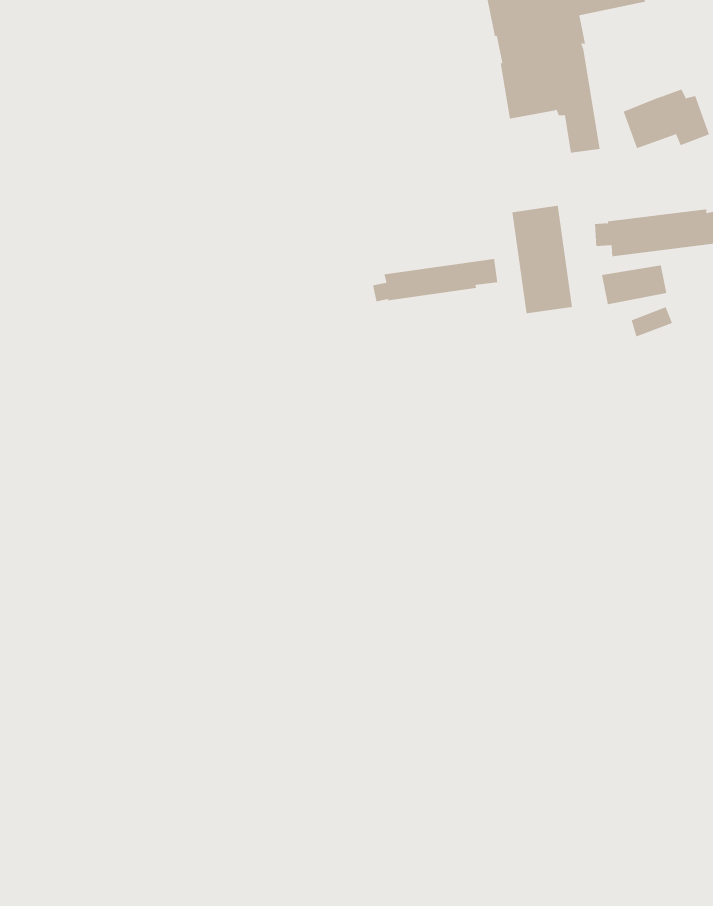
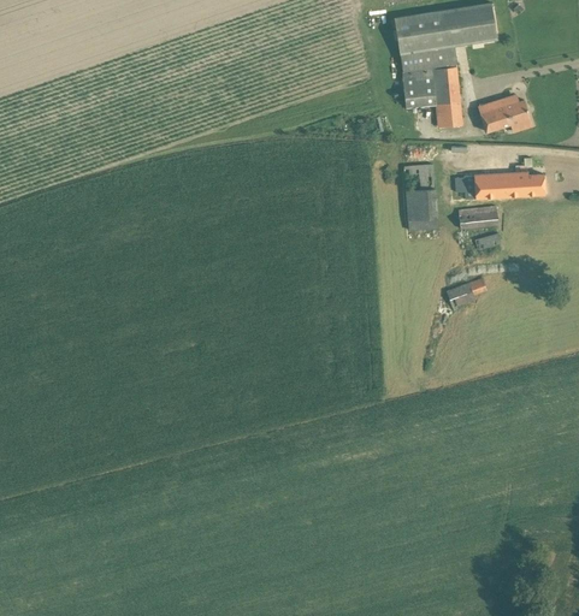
building: [372,258,498,302] -> none
building: none -> [445,278,486,308]

